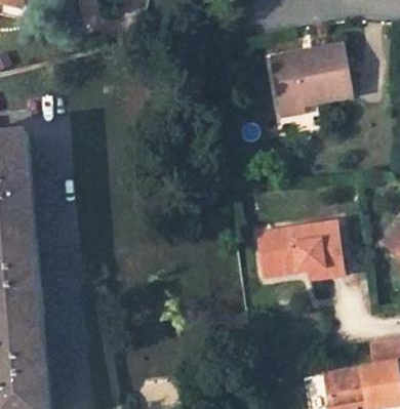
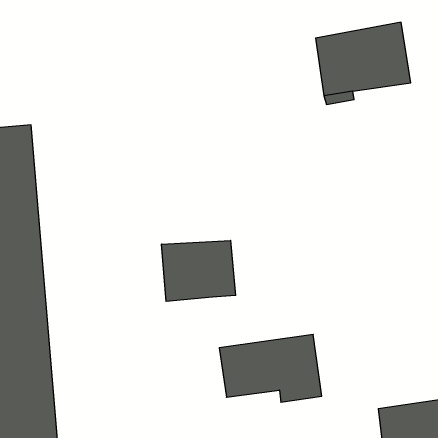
building: [254,221,342,279] -> [219,334,322,402]
building: none -> [162,240,236,301]

